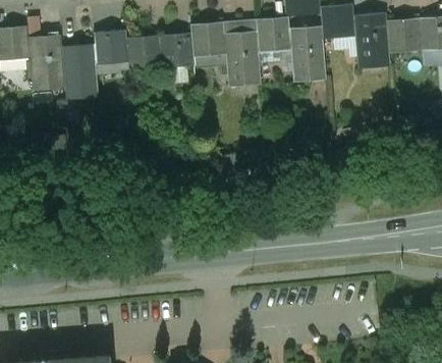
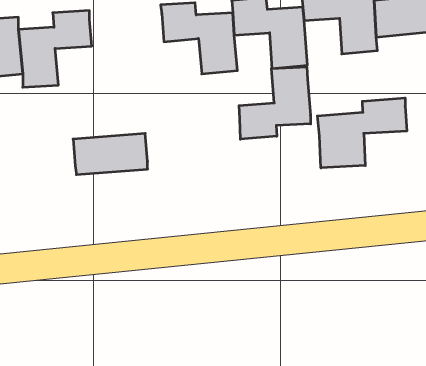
building: [126,33,195,70] -> [73,133,148,175]
building: none -> [239,67,311,139]
building: none -> [317,98,407,168]

